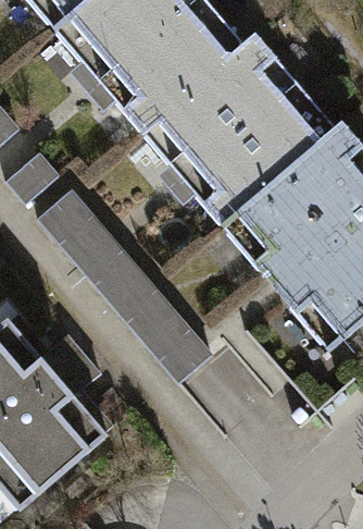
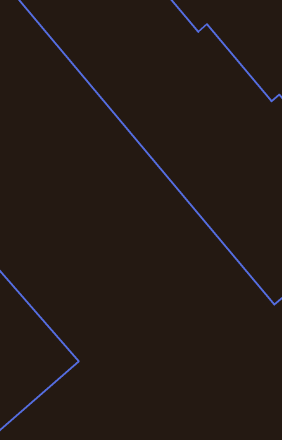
building: [40,184,216,369] -> none

